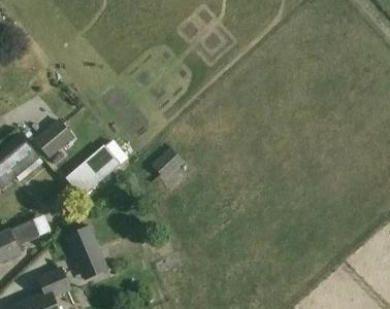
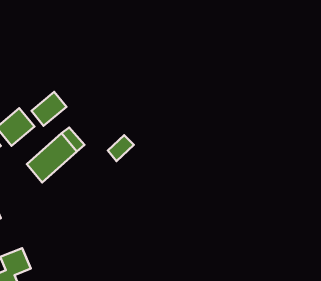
building: none -> [31,92,66,126]
building: [67,227,107,280] -> none

